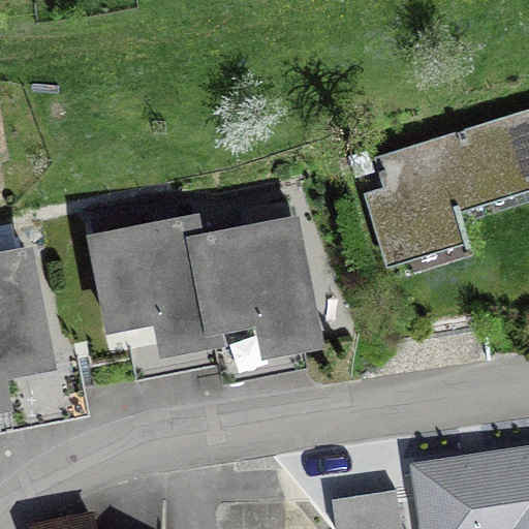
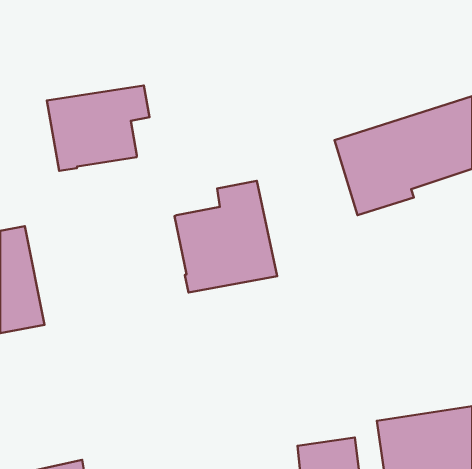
building: none -> [47,86,149,171]
building: [92,214,209,330] -> none

